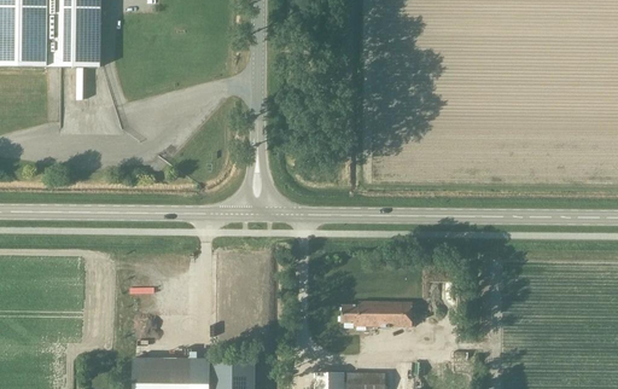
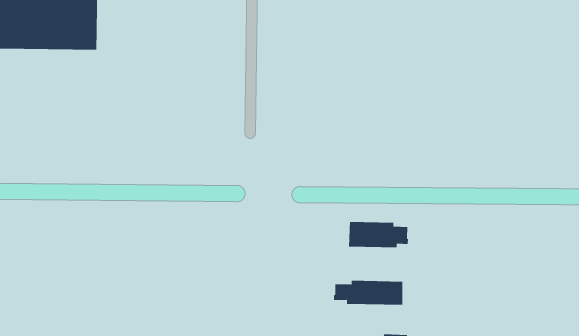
building: none -> [349,221,409,248]

